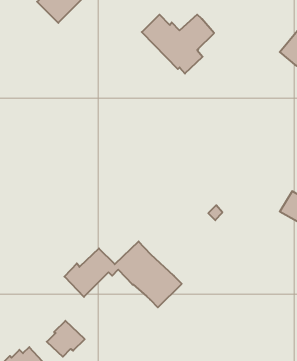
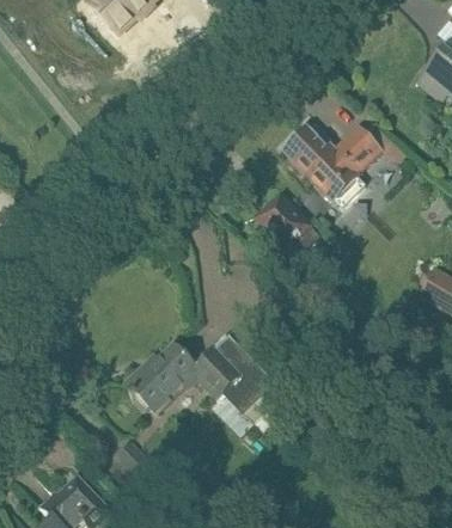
building: [142,15,214,74] -> [283,124,381,204]
building: none -> [258,194,319,259]

